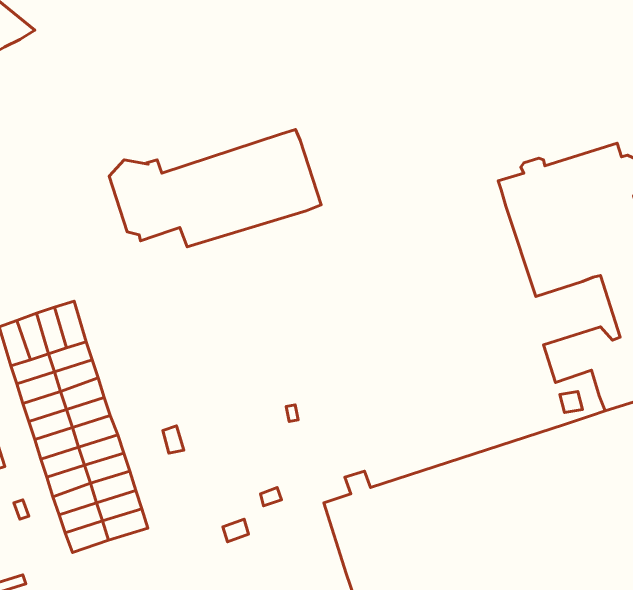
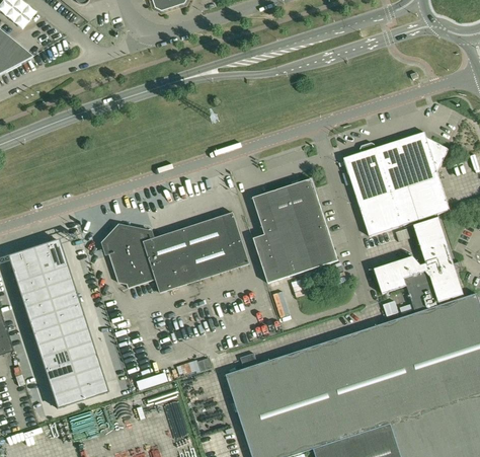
building: [109,130,321,247] -> [107,212,250,291]
building: none -> [253,178,338,282]

